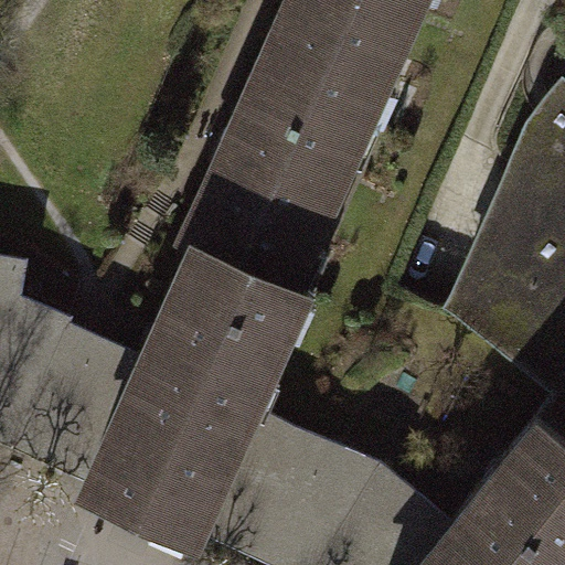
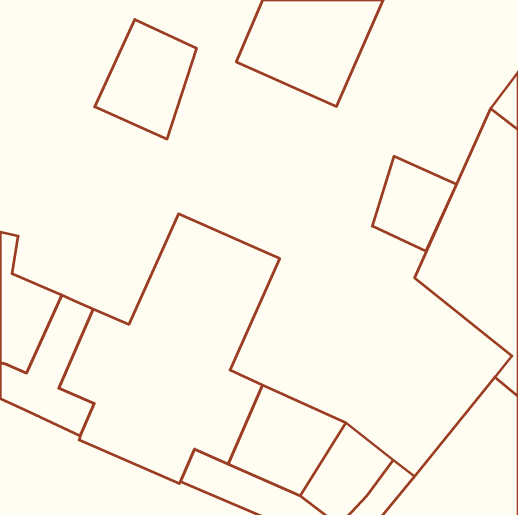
building: none -> [95,19,196,139]
building: [185,71,366,280] -> none
building: none -> [372,156,457,251]

